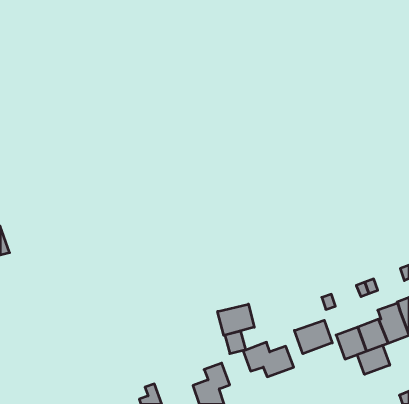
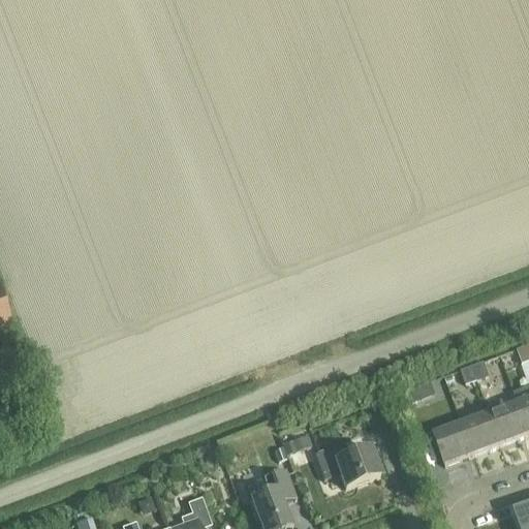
building: [218,304,254,335] -> none
building: [294,320,332,354] -> none
building: [357,345,390,374] -> none

